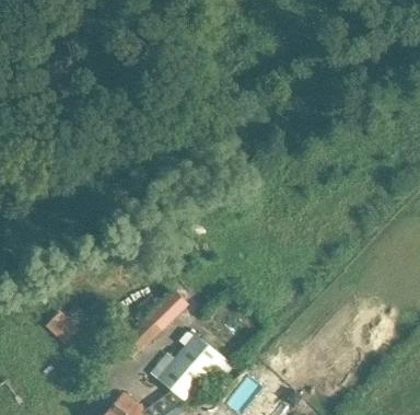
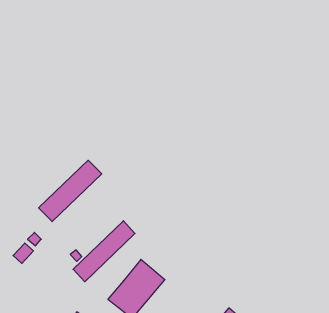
building: none -> [39,160,102,222]

